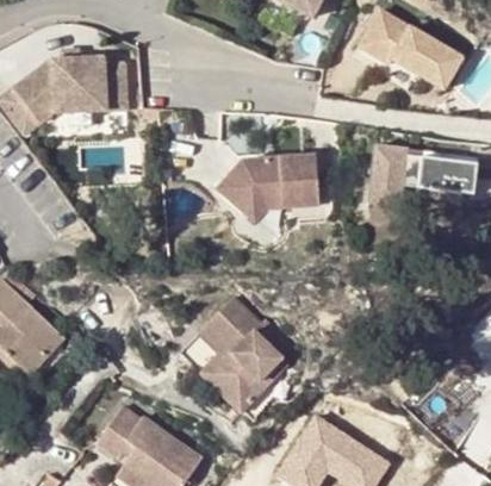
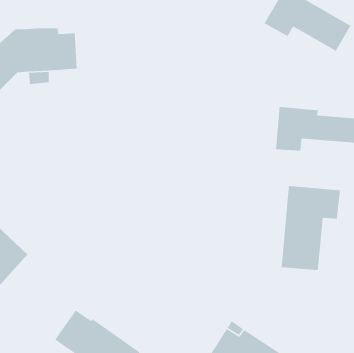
building: [218,154,321,220] -> none
building: none -> [281,185,341,271]
building: [199,295,294,412] -> none

